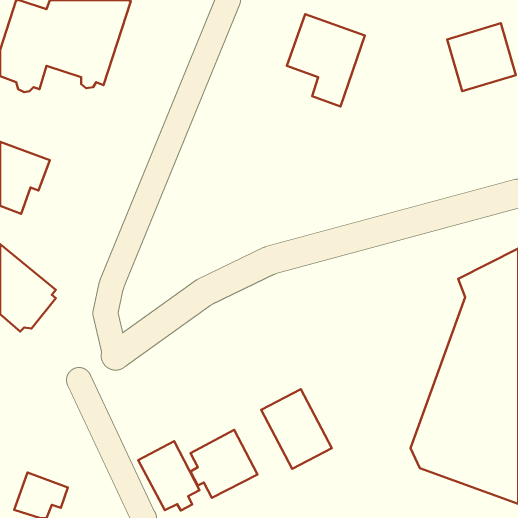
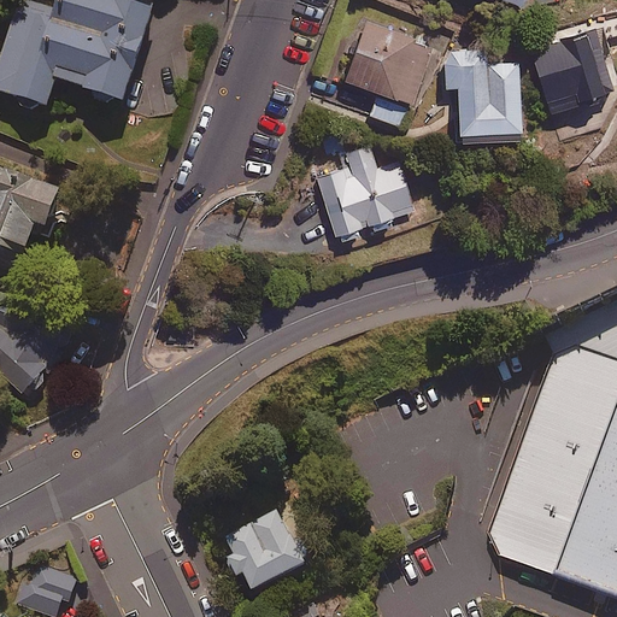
building: none -> [445,49,522,140]
building: none -> [318,131,413,240]
building: [261,389,332,469] -> none
building: [138,441,199,511] -> none

